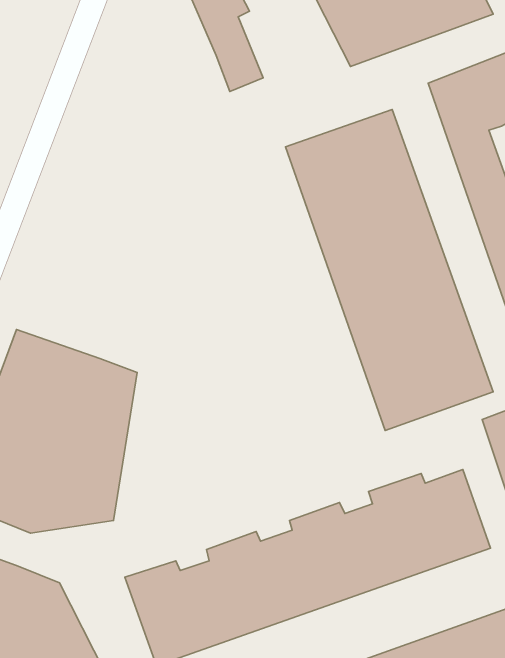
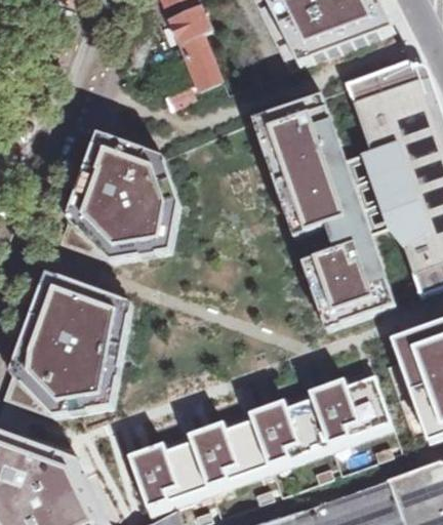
building: none -> [59,127,187,266]

